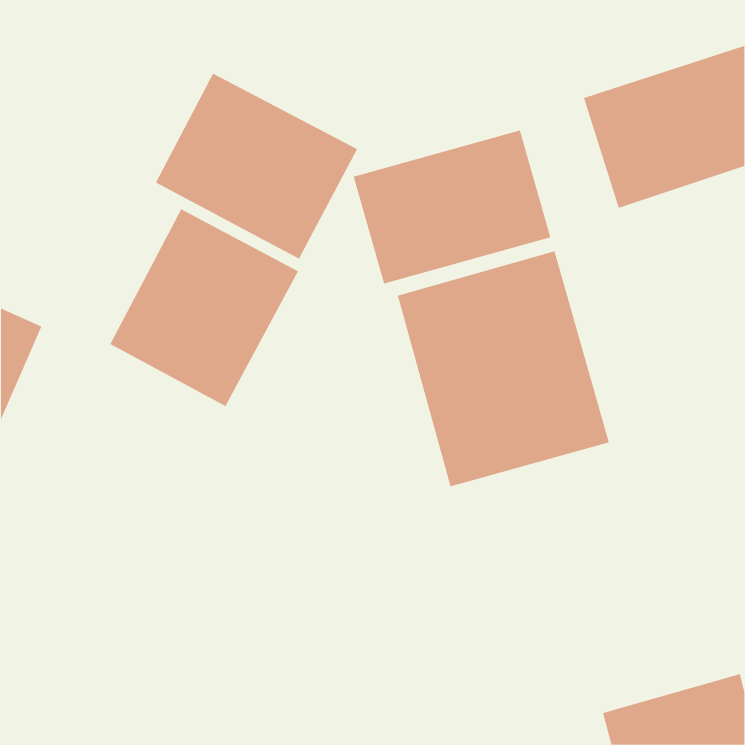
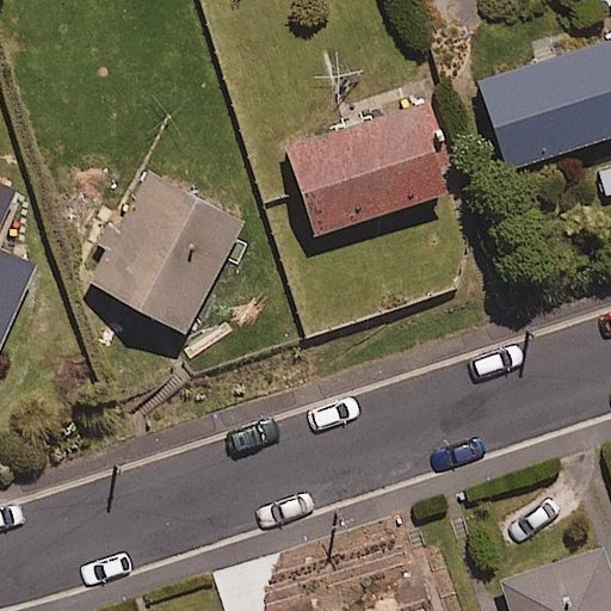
building: [155,73,358,260] -> none
building: [397,251,609,487] -> none

